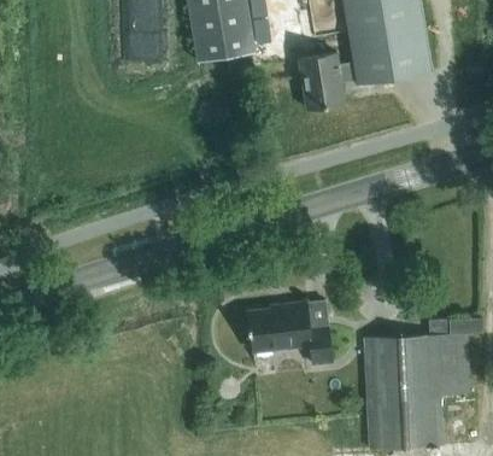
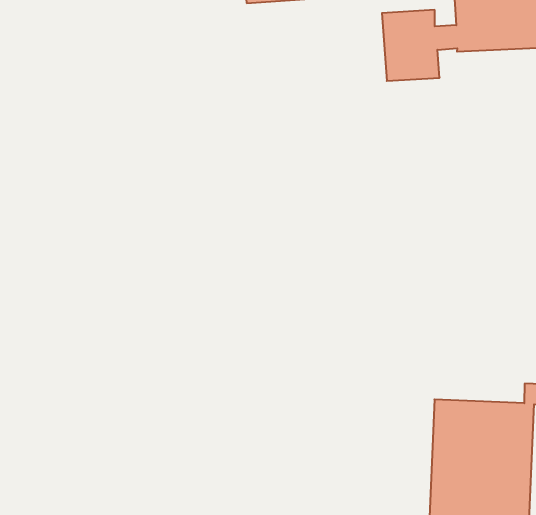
building: [248,302,331,364] -> none

